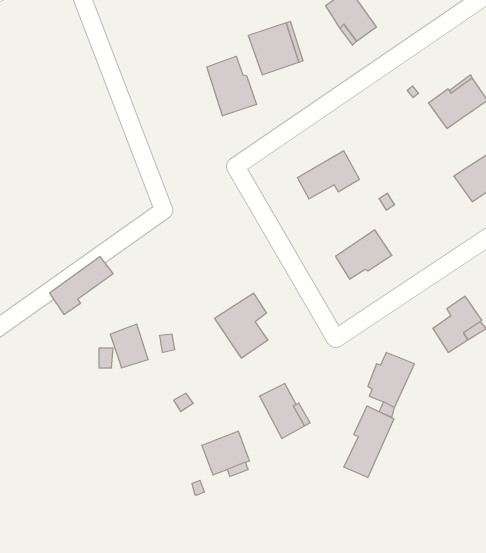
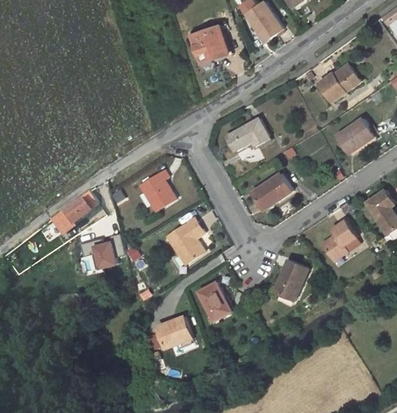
building: [207,56,257,116] -> none
building: none -> [139,170,174,211]
building: [344,406,394,478] -> none

